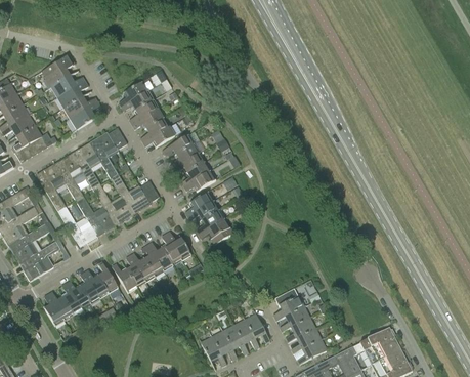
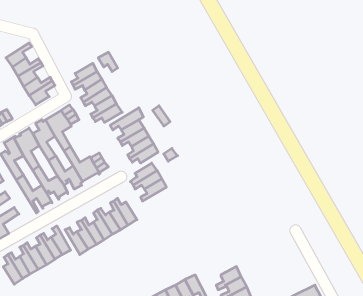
building: [198,218,233,244] -> none
building: [273,289,302,321] -> none

